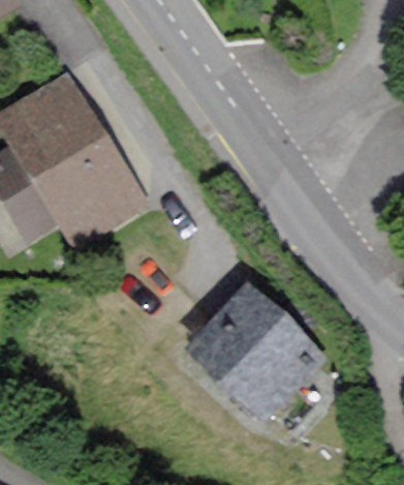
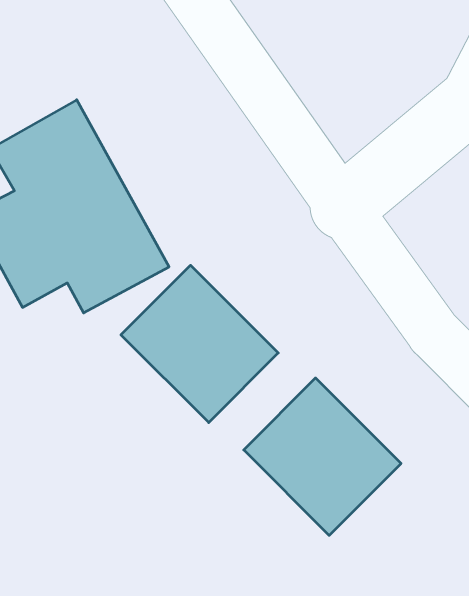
building: none -> [121,265,278,423]

